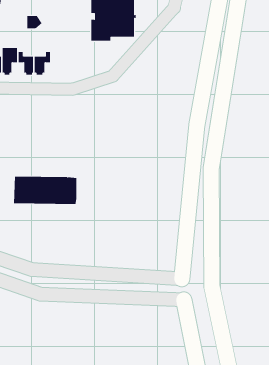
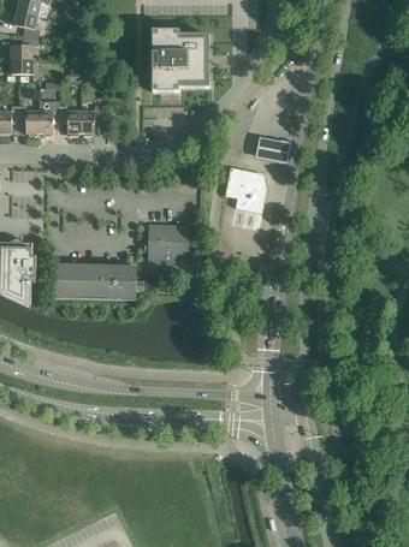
building: none -> [254,138,290,166]
building: none -> [225,168,267,214]
building: none -> [144,225,194,272]

